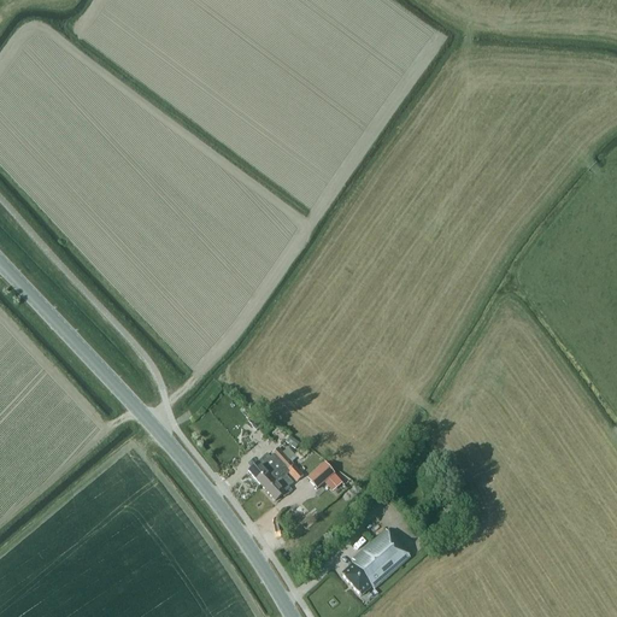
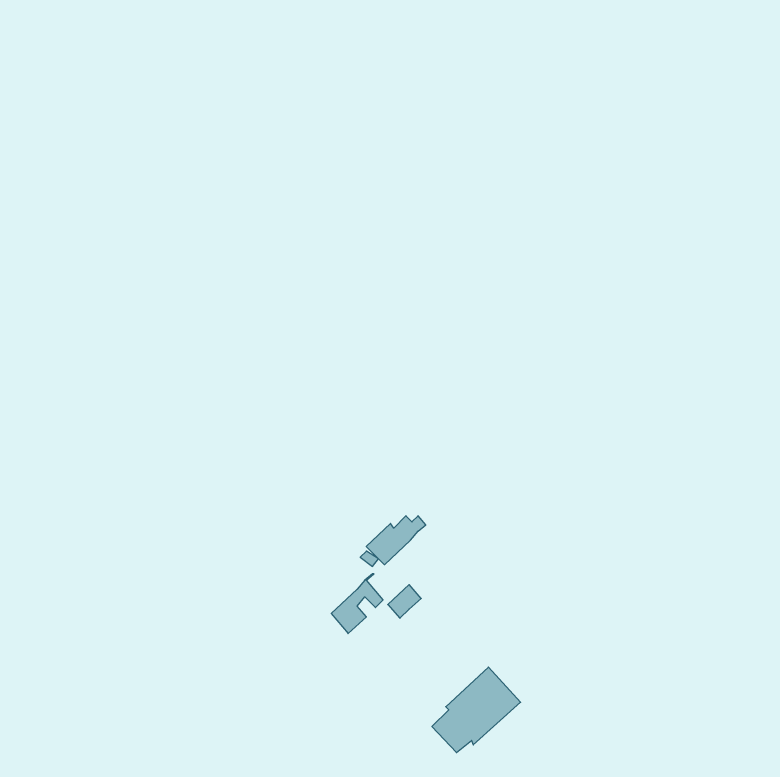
building: [247,446,294,484] -> [366,516,426,565]

